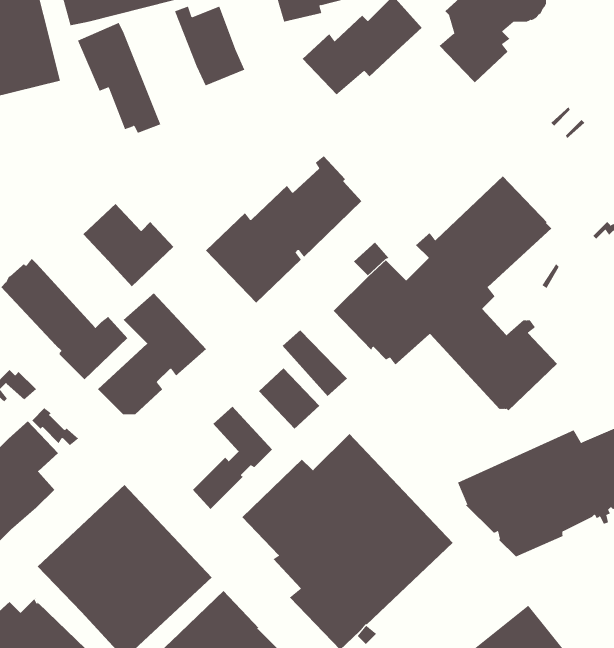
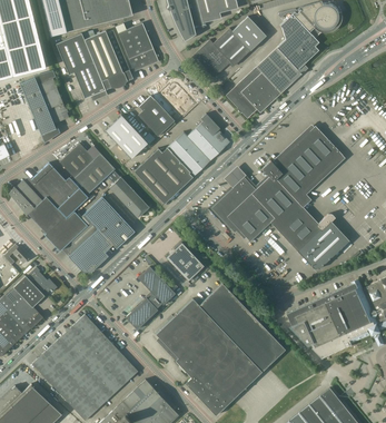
building: none -> [85,30,132,89]
building: none -> [225,47,301,118]
building: none -> [20,71,69,135]
building: none -> [138,89,195,136]
building: none -> [106,115,148,159]
building: none -> [31,163,86,218]
building: [282,329,348,397] -> [109,177,149,218]

